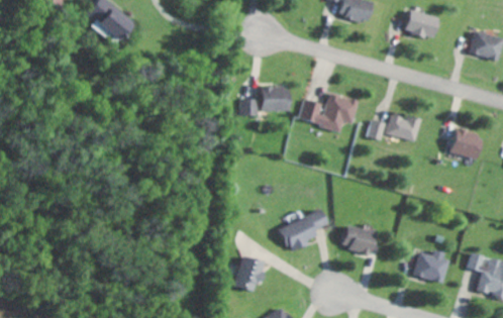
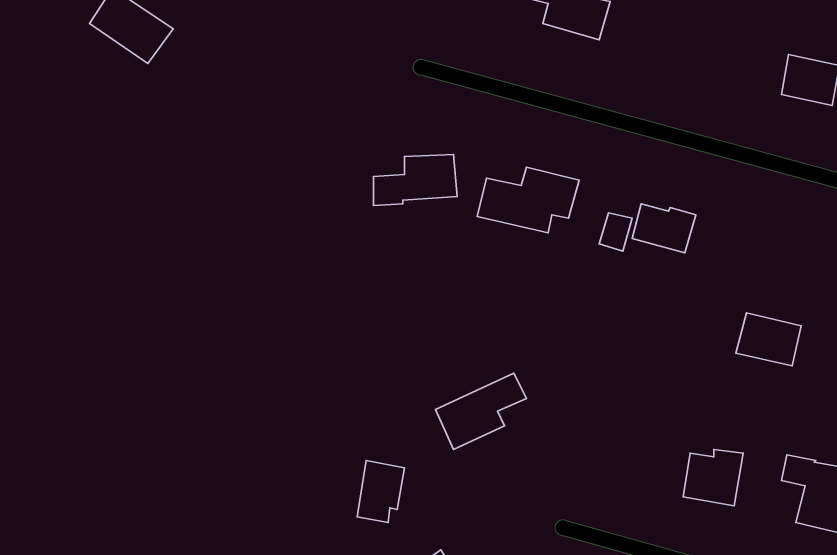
building: [402,9,440,38] -> none
building: [448,129,485,158] -> [736,313,801,366]
building: [340,226,375,252] -> none

